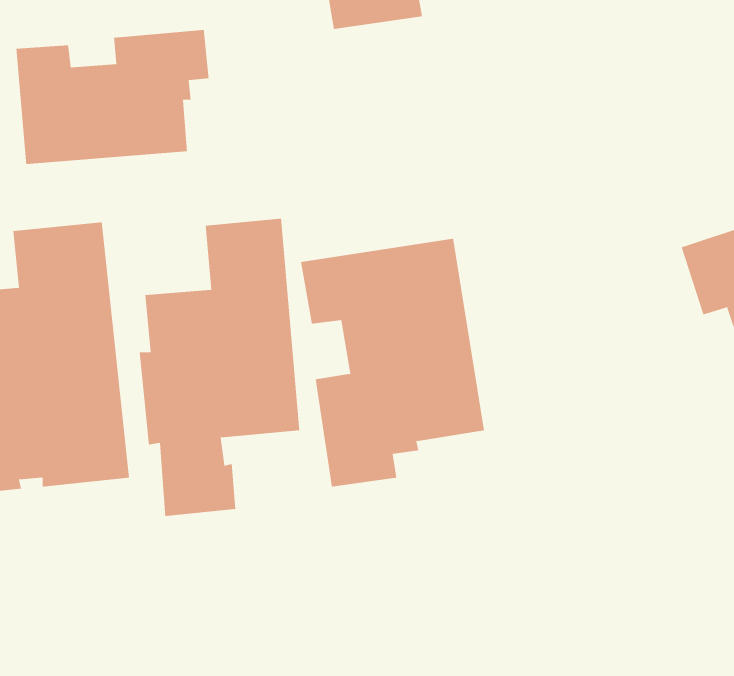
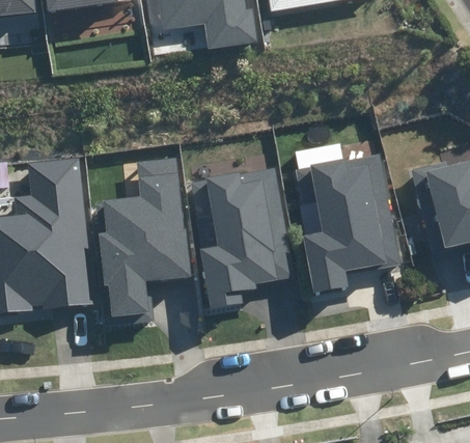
building: [16,29,209,165] -> none
building: none -> [294,154,399,294]

